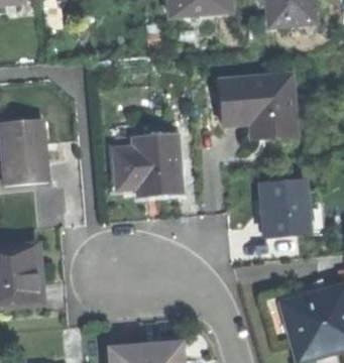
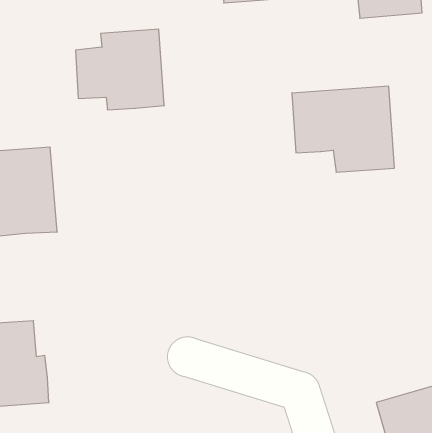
building: [114,136,179,195] -> [76,29,164,110]
building: [258,180,306,237] -> none

